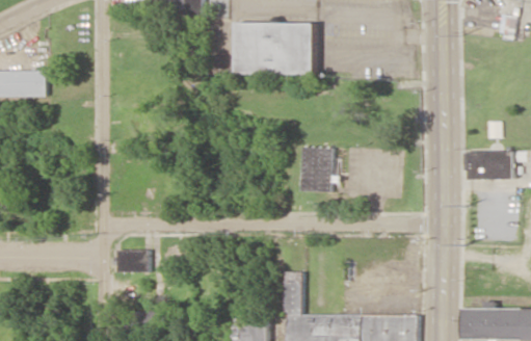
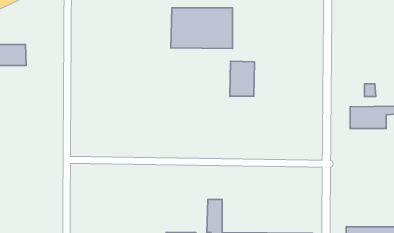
building: [300,147,333,192] -> [230,61,254,96]
building: [116,251,148,272] -> none

